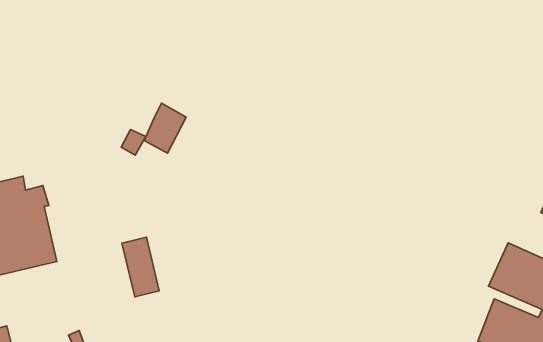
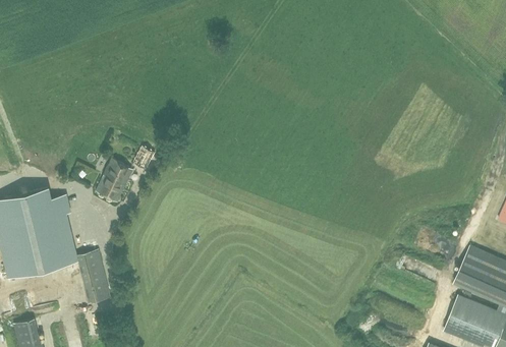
building: [144,103,186,153] -> [97,159,133,203]
building: [122,237,159,297] -> [77,251,110,303]

